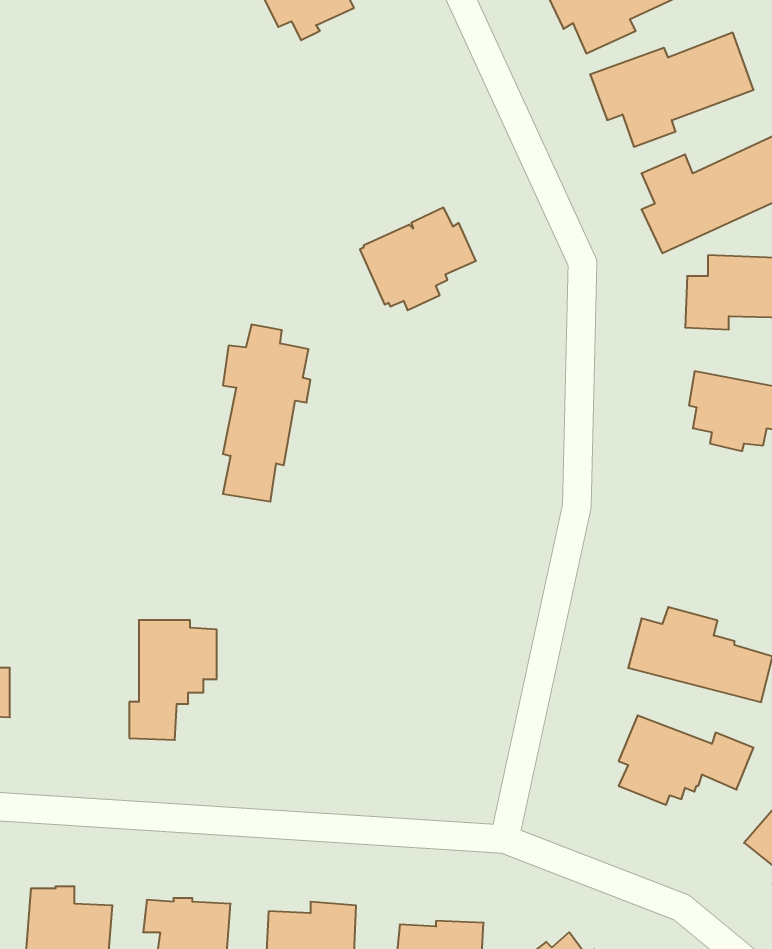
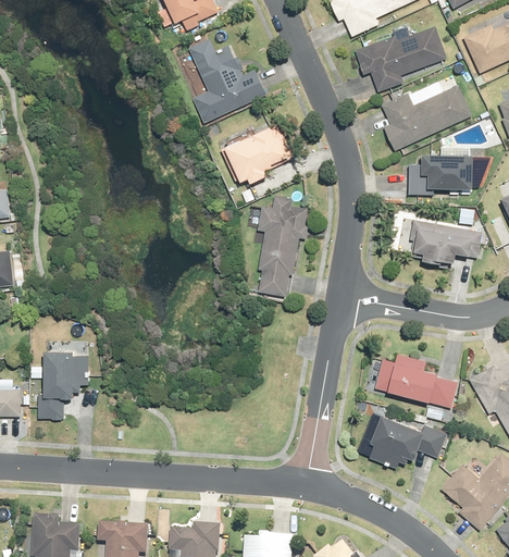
building: none -> [189,38,268,123]
building: [223,325,310,501] -> [259,195,309,296]
building: [129,620,217,740] -> [38,350,88,419]

